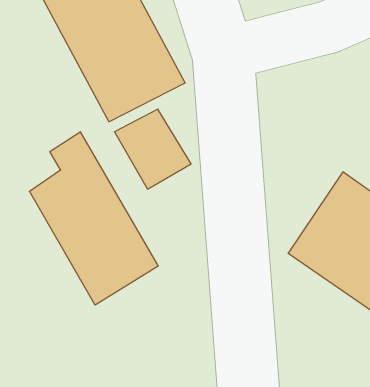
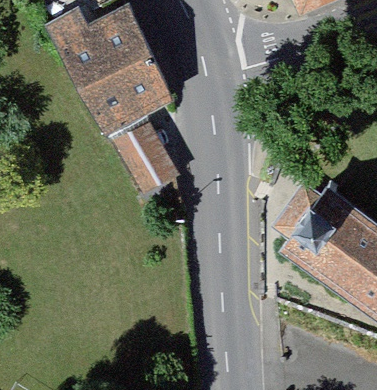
building: [29,132,158,305] -> none

